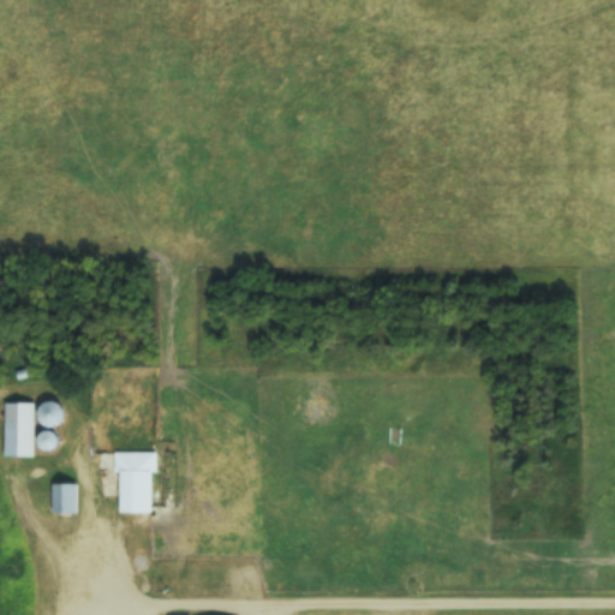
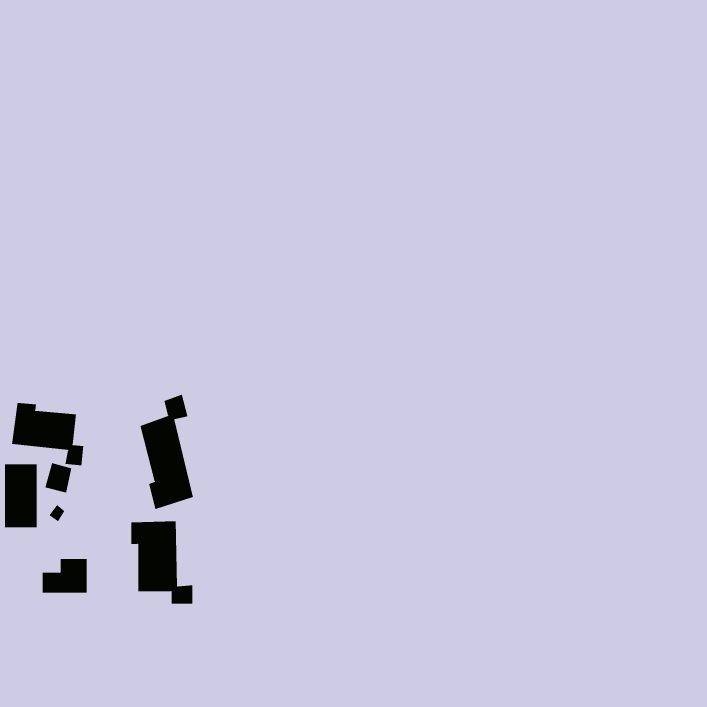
building: none -> [140,394,194,510]
building: none -> [11,402,84,466]

